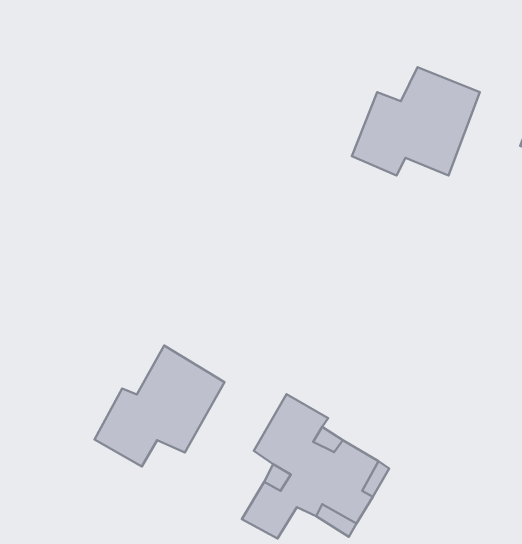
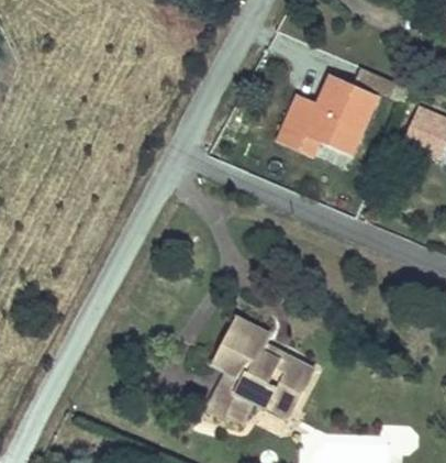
building: [94,346,225,467] -> none

